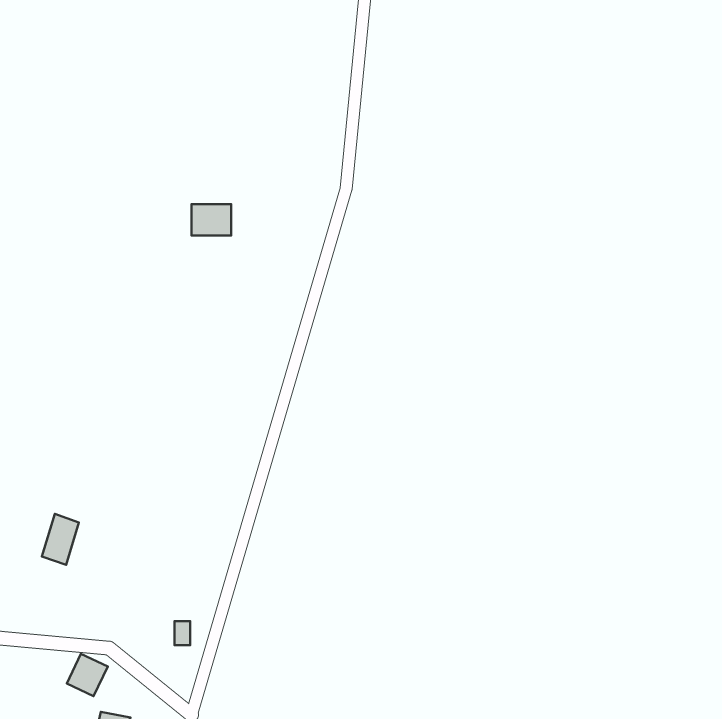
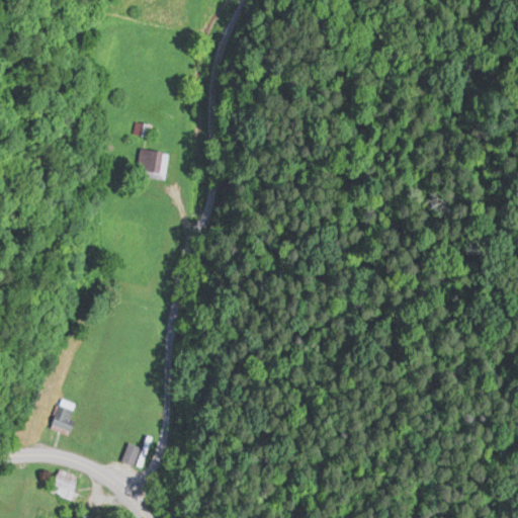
building: [42,514,79,565] -> [51,399,77,435]

